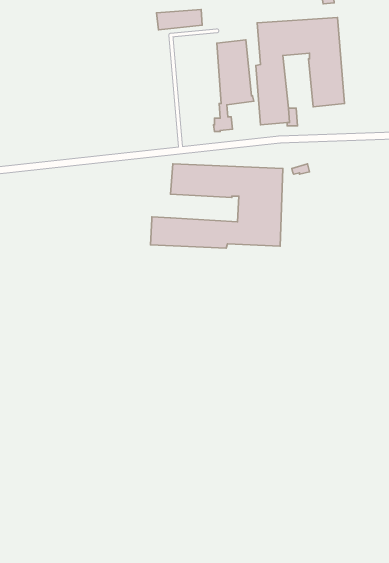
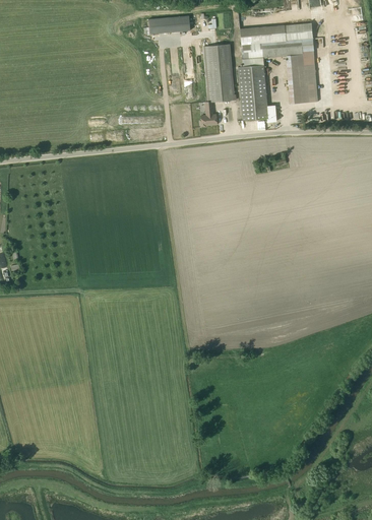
building: [151,164,283,248] -> none

